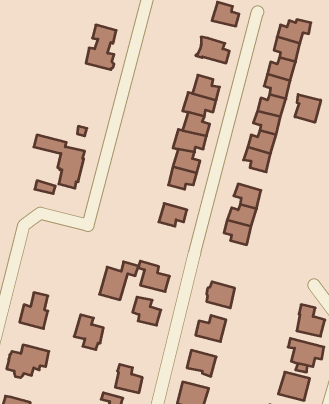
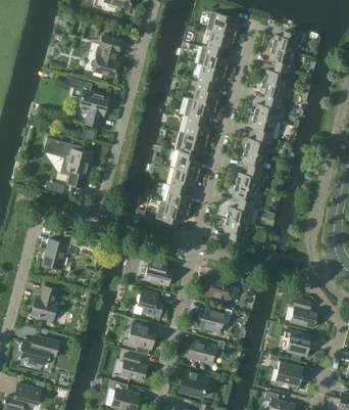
building: none -> [207,31,234,52]
building: none -> [198,64,225,86]
building: none -> [66,78,109,127]
building: [295,94,321,122] -> none
building: none -> [236,169,262,190]
building: none -> [166,185,191,209]
building: [99,262,139,300] -> [42,233,79,269]
building: [74,315,103,350] -> [127,323,154,356]

